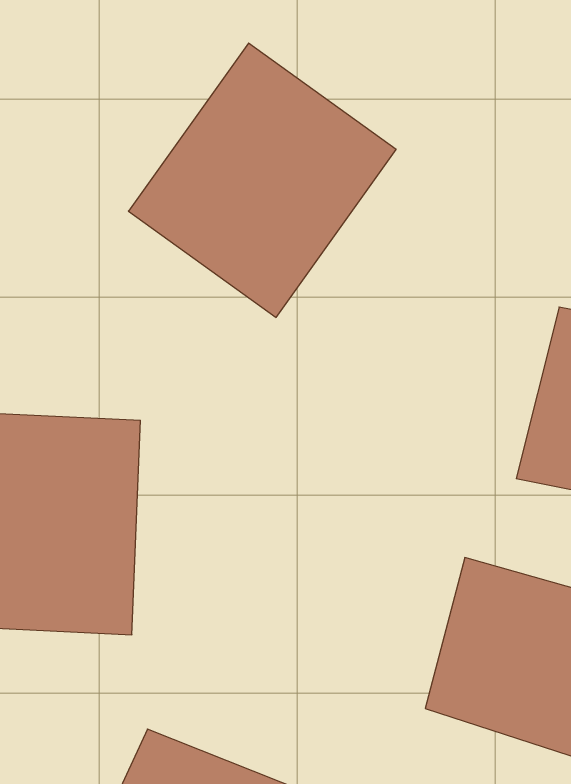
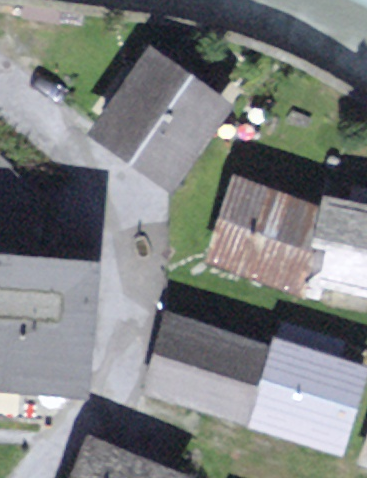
building: none -> [213,180,323,283]
building: none -> [135,303,271,431]

